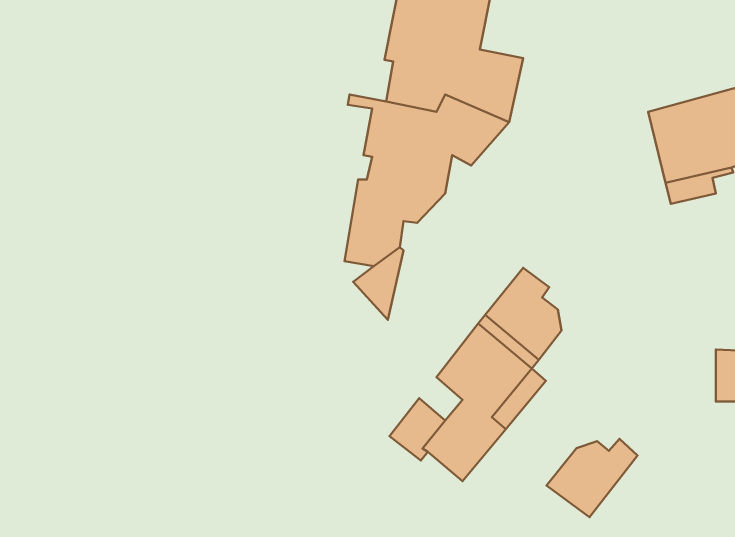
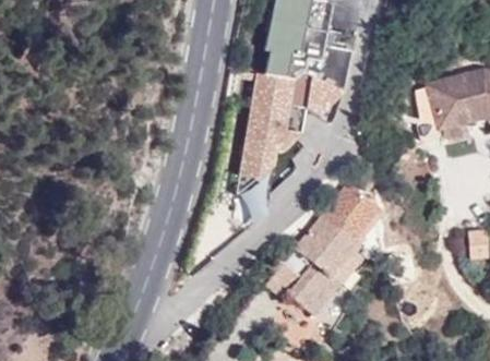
building: [546,439,638,517] -> none

